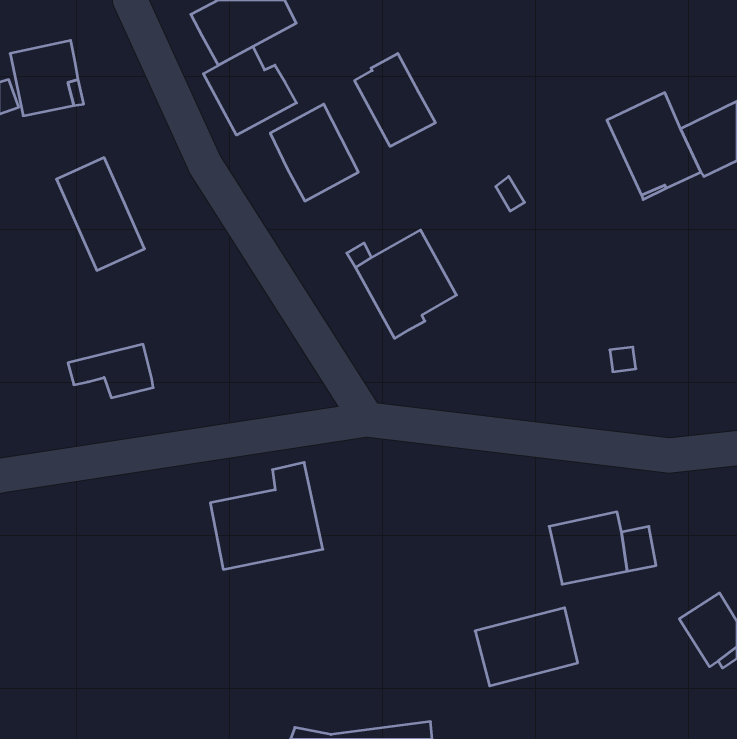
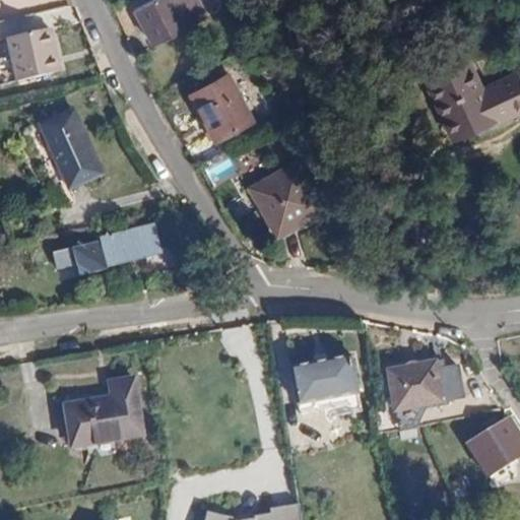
building: [203,46,297,135] -> none
building: [355,53,435,146] -> none
building: none -> [101,225,159,266]
building: [210,462,323,569] -> [61,364,140,439]
building: [475,608,578,686] -> [291,353,364,408]

